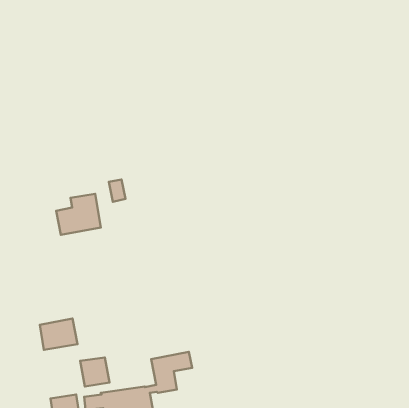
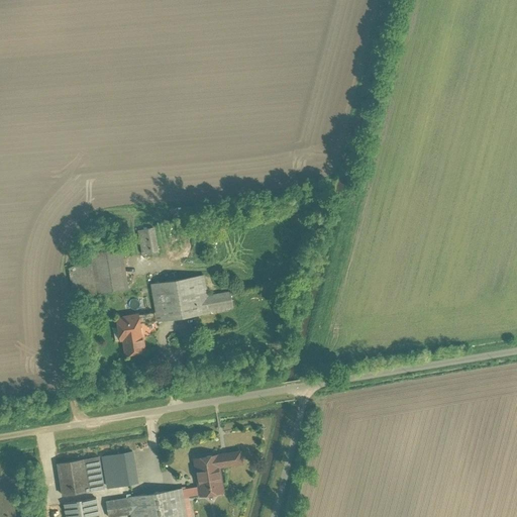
building: none -> [150,275,233,322]
building: none -> [114,318,143,356]
building: [40,319,77,350] -> [57,457,104,497]

